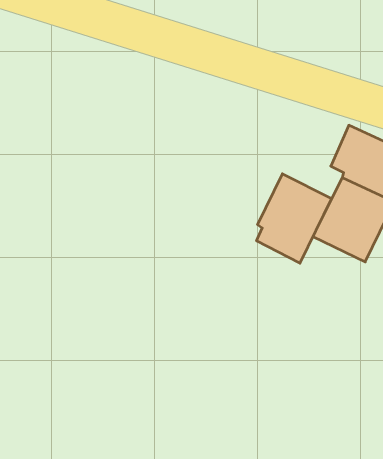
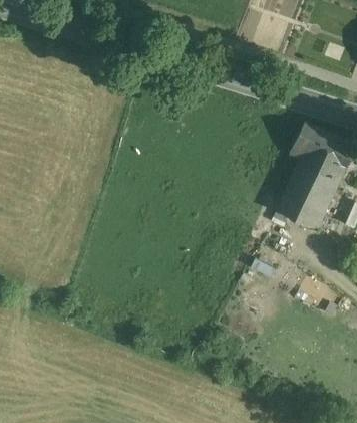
building: [257,174,331,263] -> none

